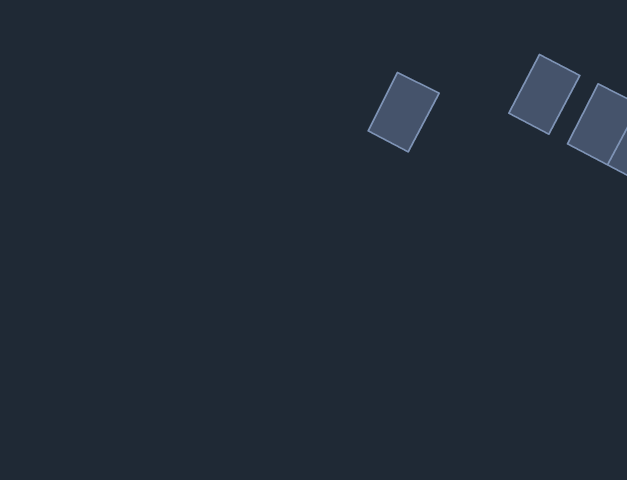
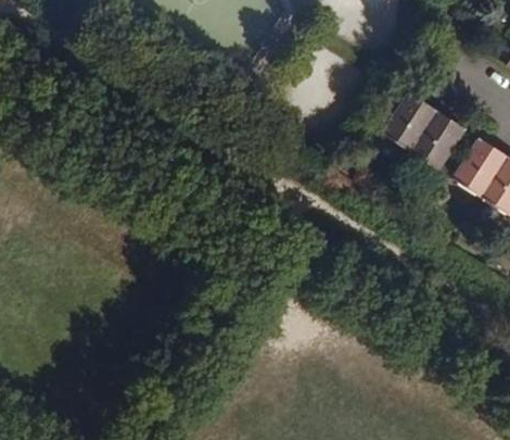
building: [368,72,439,152] -> [383,93,438,153]

